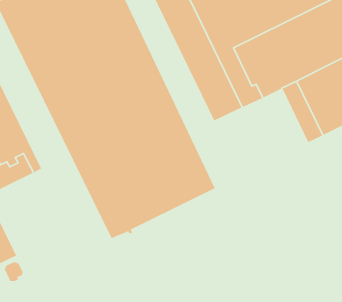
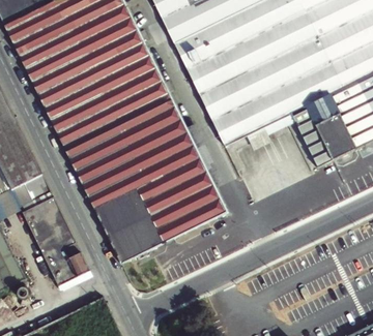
building: none -> [22,196,89,285]

